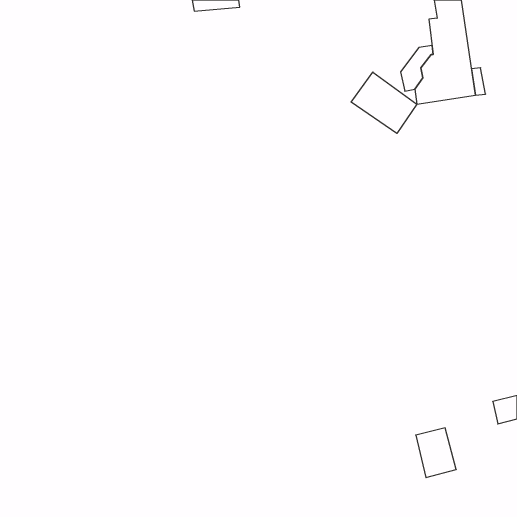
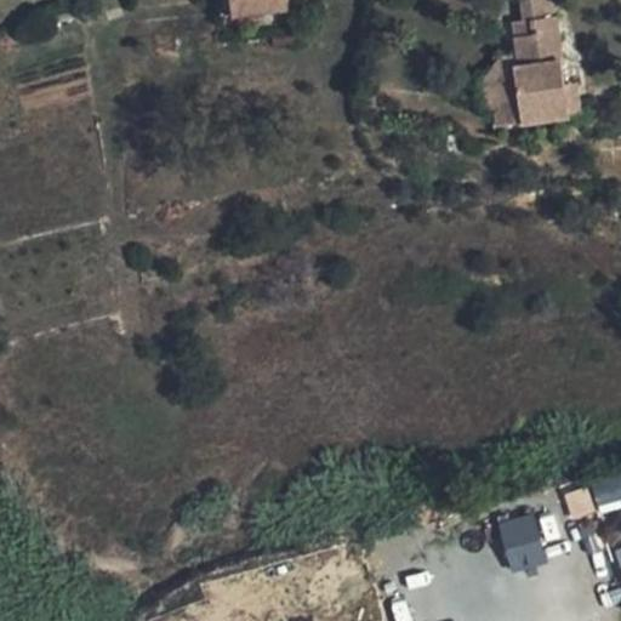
building: [351,72,417,133] -> none

